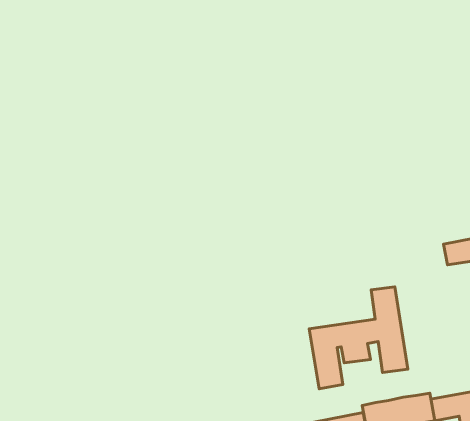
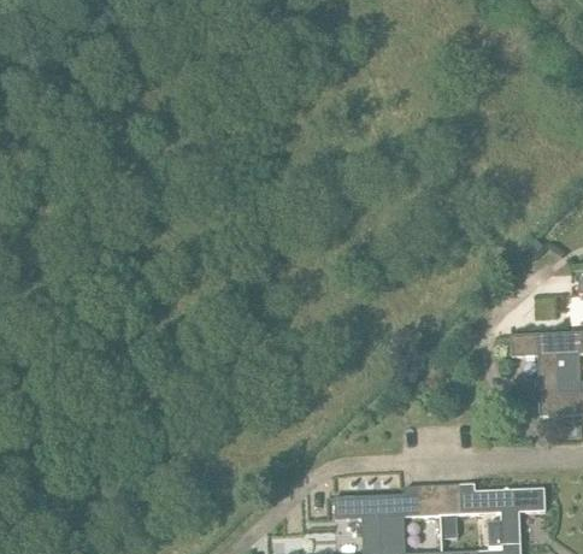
building: [309,287,408,389] -> none

